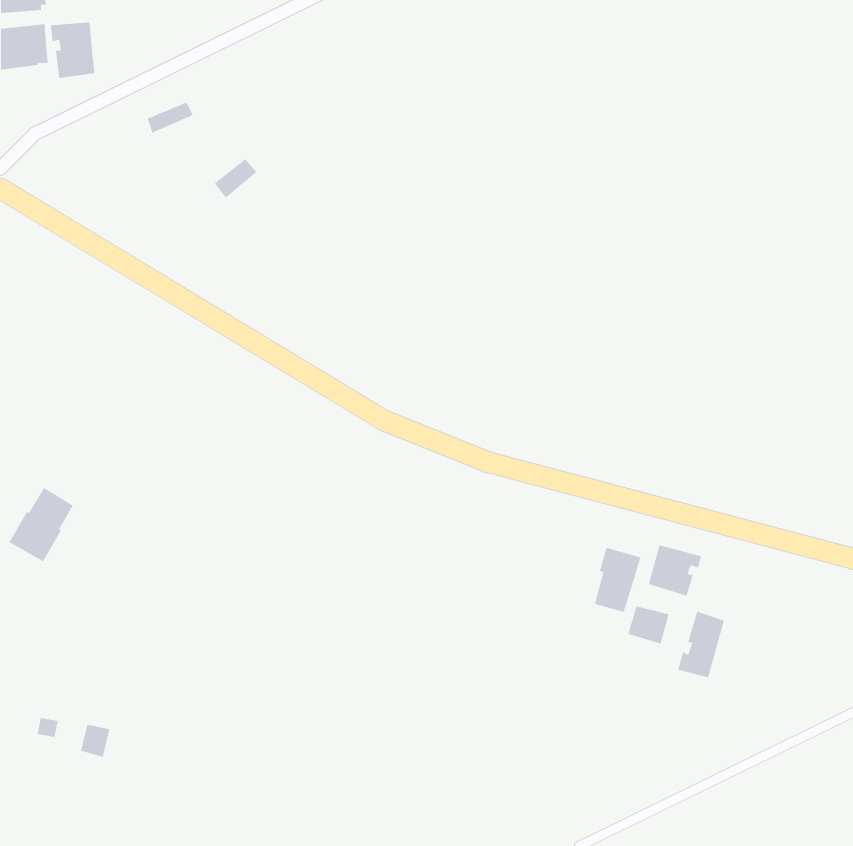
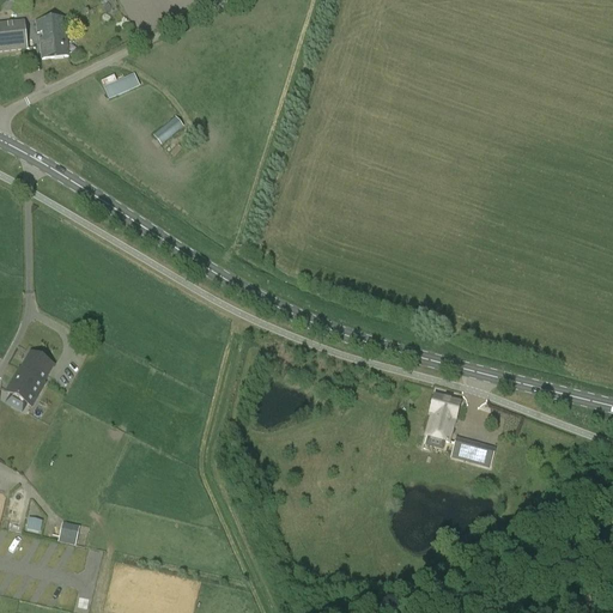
building: [648,544,702,596] -> none
building: [678,611,725,678] -> none

